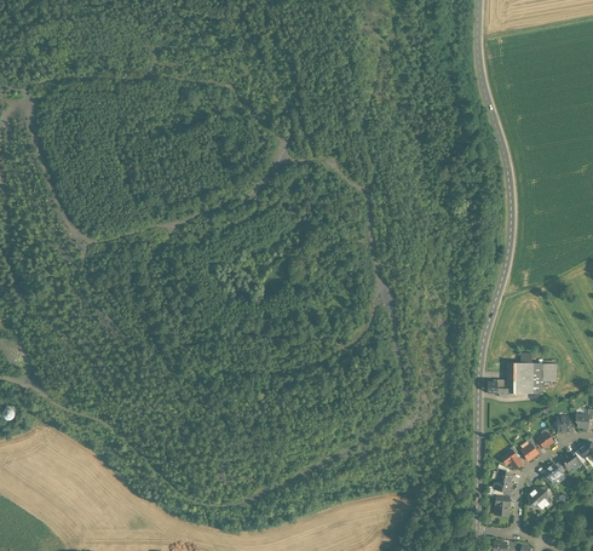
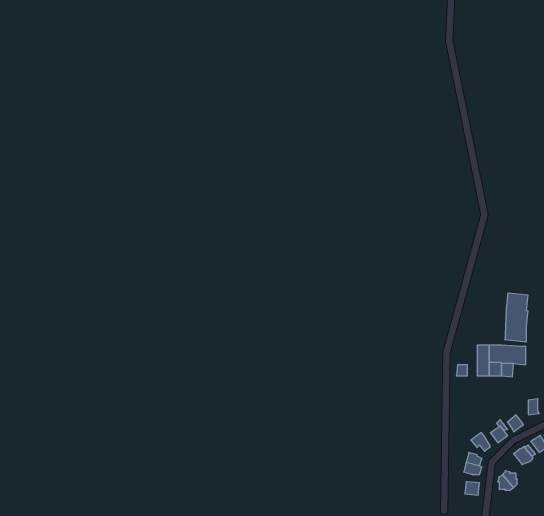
building: none -> [505,293,528,342]

